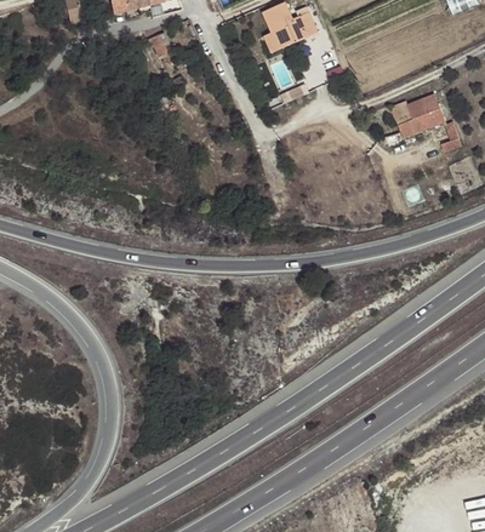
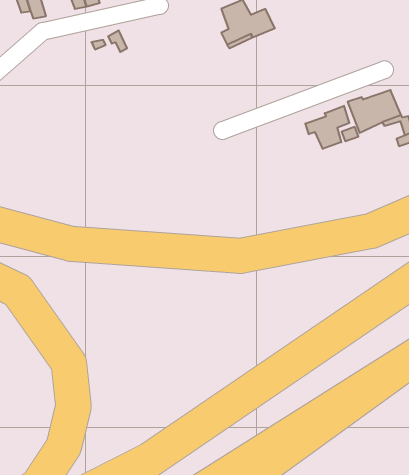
building: none -> [305,106,349,149]

